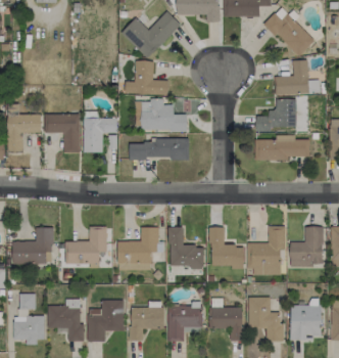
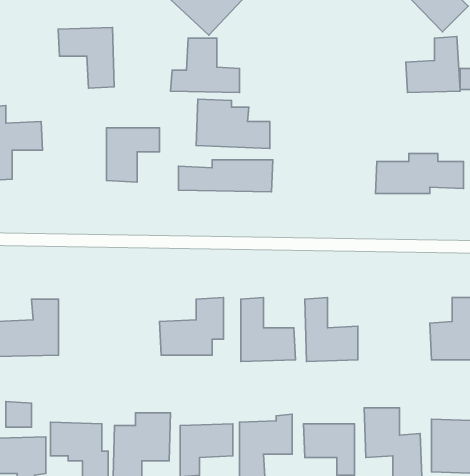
building: [255,98,307,131] -> none
building: [44,114,80,152] -> [58,27,114,88]
building: [246,225,285,273] -> none
building: [64,226,106,263] -> none

